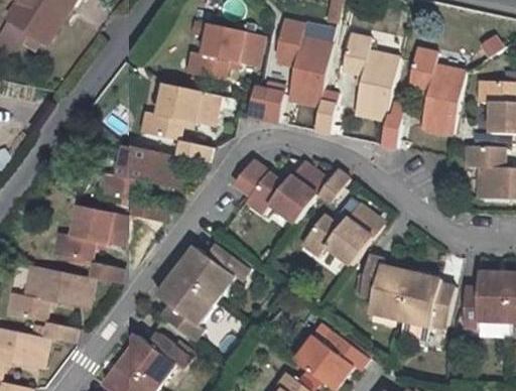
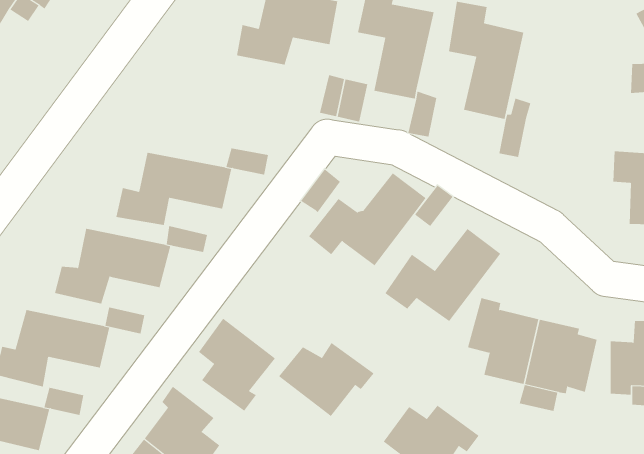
building: [409,48,466,136] -> none
building: [142,85,228,142] -> none
building: [176,244,248,299] -> [278,342,375,417]

